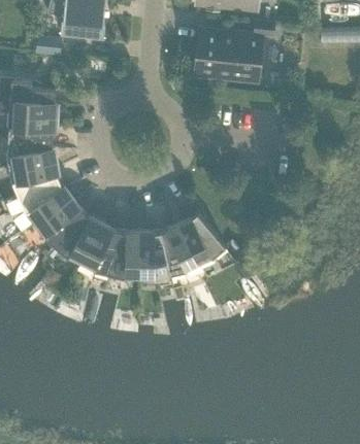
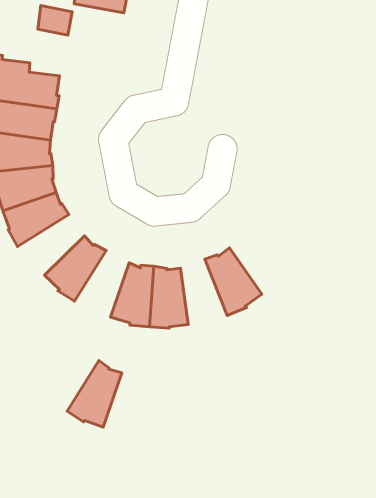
building: [198,21,276,78] -> none
building: [33,197,85,245] -> none
building: [80,223,121,274] -> [67,360,122,427]
building: [161,224,200,275] -> none

